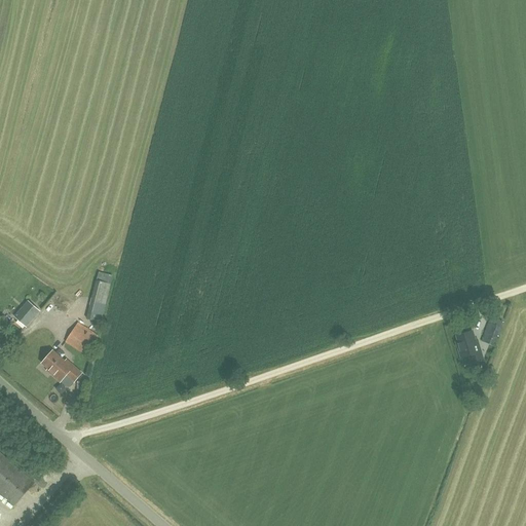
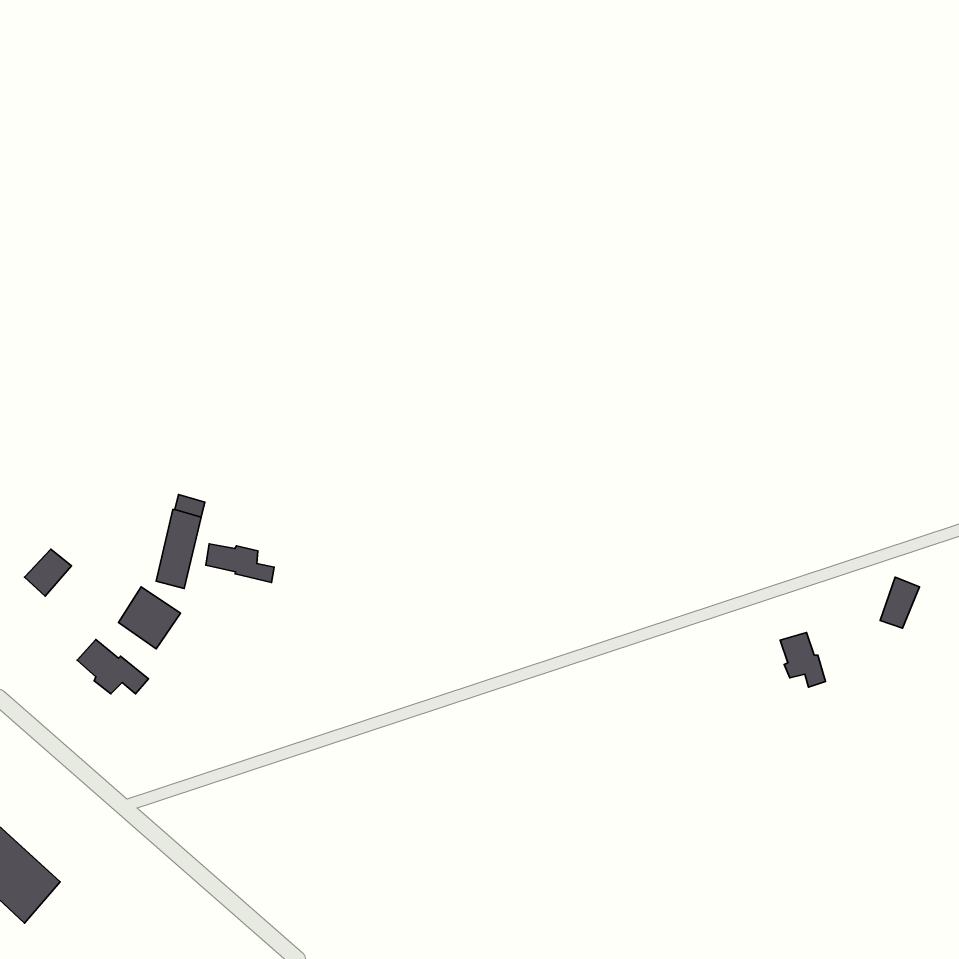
building: none -> [206,544,274,582]
building: [456,331,481,361] -> [780,633,825,687]

